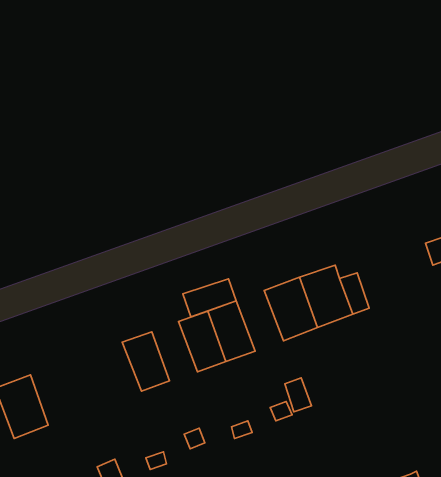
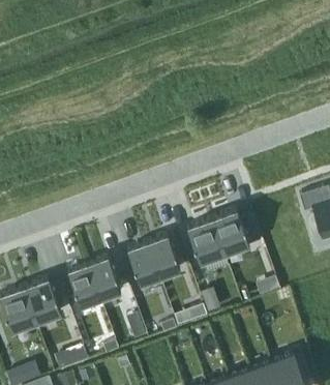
building: [183,279,236,317] -> none
building: none -> [67,265,100,307]
building: none -> [23,278,60,323]

